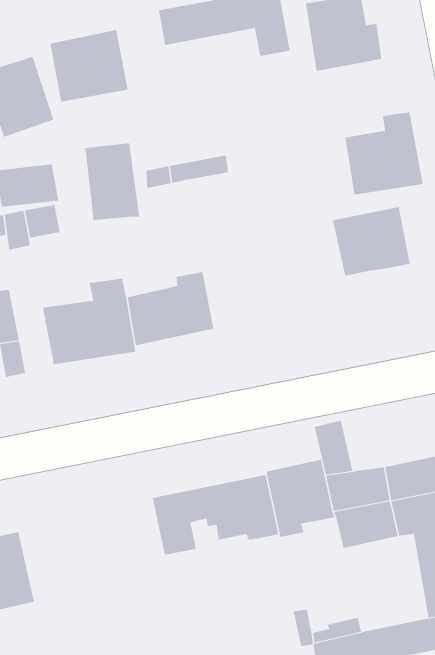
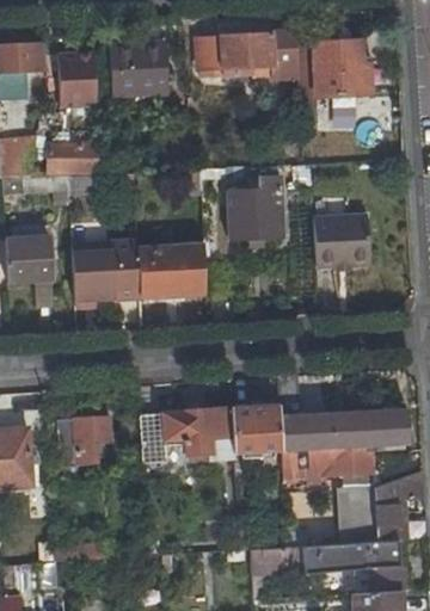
building: [344,112,423,195] -> [225,179,282,239]
building: [85,143,140,221] -> none
building: none -> [54,418,111,470]

